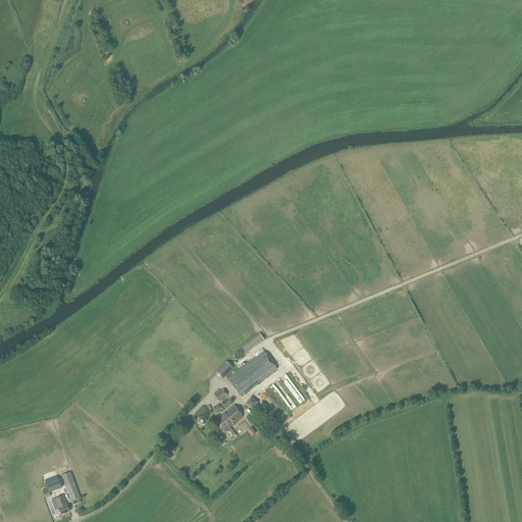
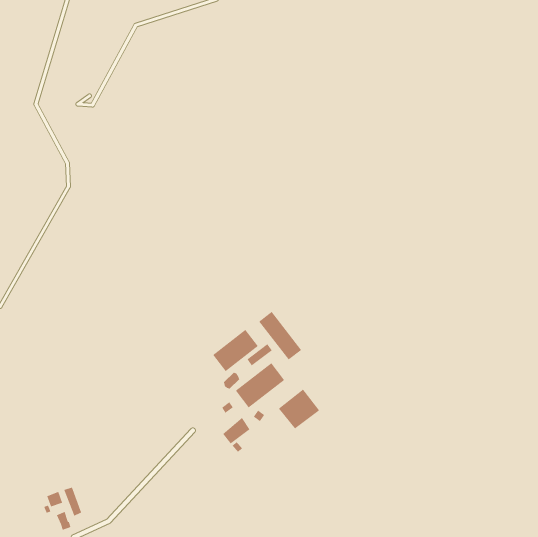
building: none -> [258,311,302,361]
building: none -> [212,329,259,372]

